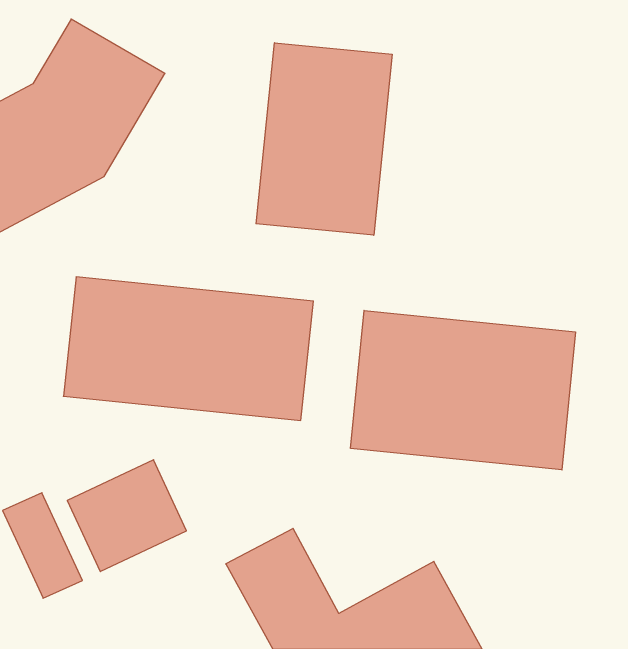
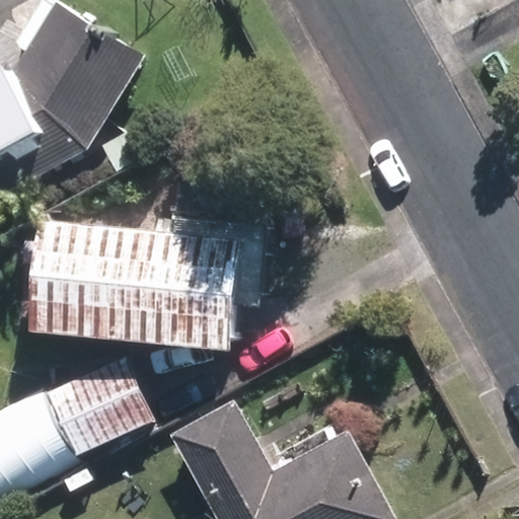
building: [256,43,392,235] -> none
building: [351,310,575,470] -> none

